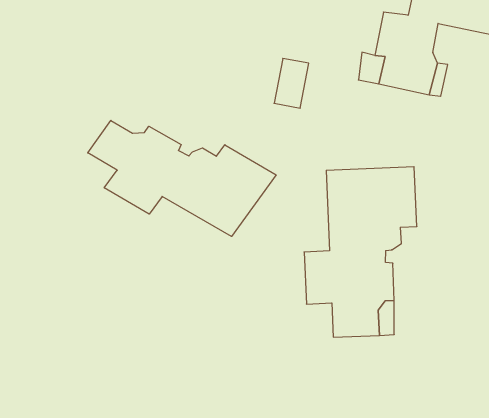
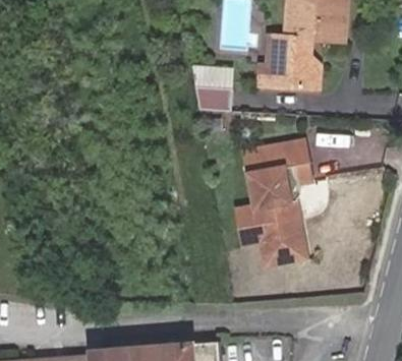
building: [88,120,276,236] -> none

